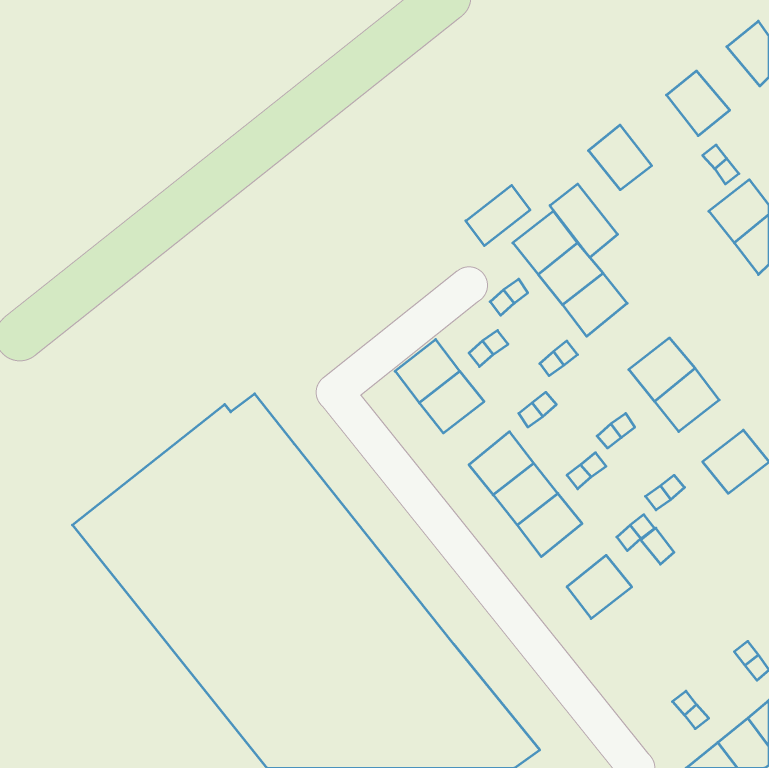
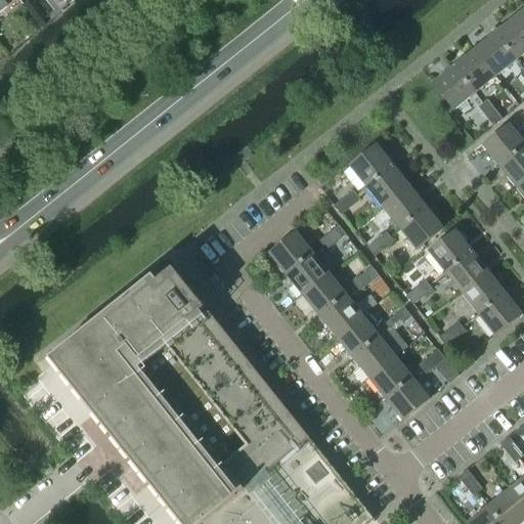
building: none -> [473,32,516,75]
building: [588,125,652,190] -> [431,64,474,108]
building: [550,184,618,257] -> none
building: [466,185,530,246] -> none
building: none -> [398,206,442,250]
building: none -> [461,271,505,313]
building: none -> [301,272,346,315]
building: none -> [367,355,411,398]

